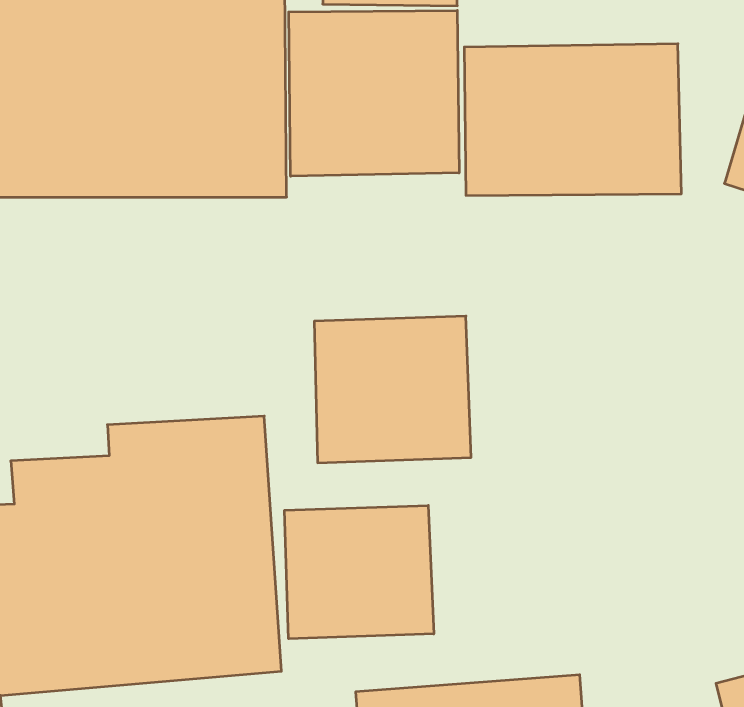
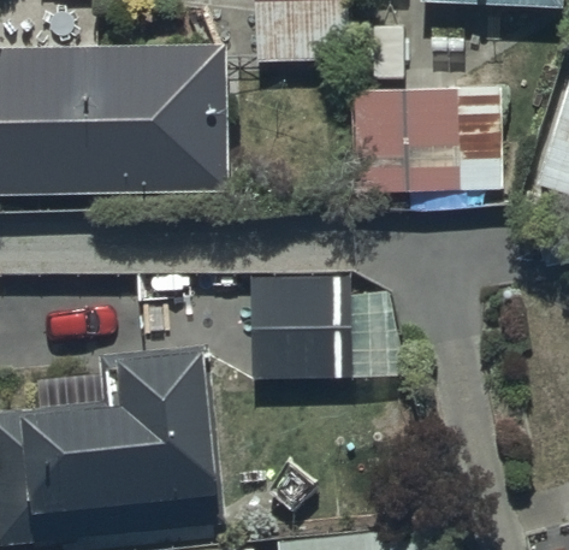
building: [289,10,459,176] -> none
building: [285,505,434,639] -> none

